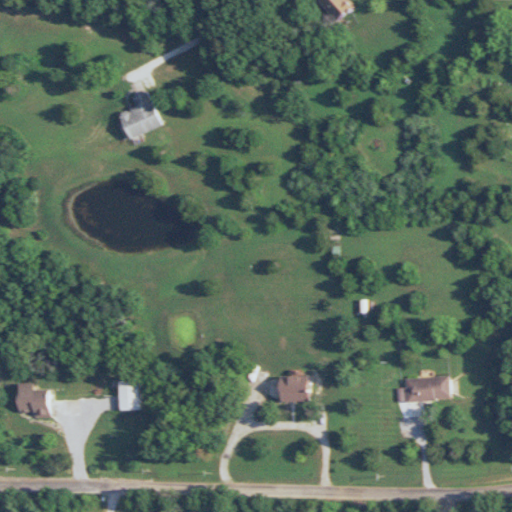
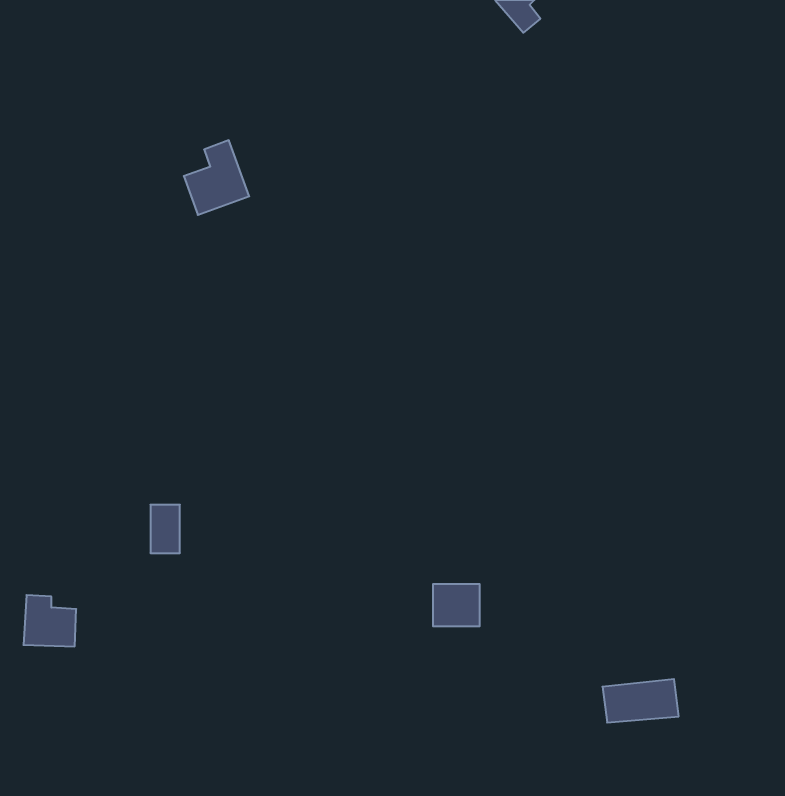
building: [401,374,450,402] -> [602,679,679,723]
building: [116,380,135,411] -> [150,505,180,553]

